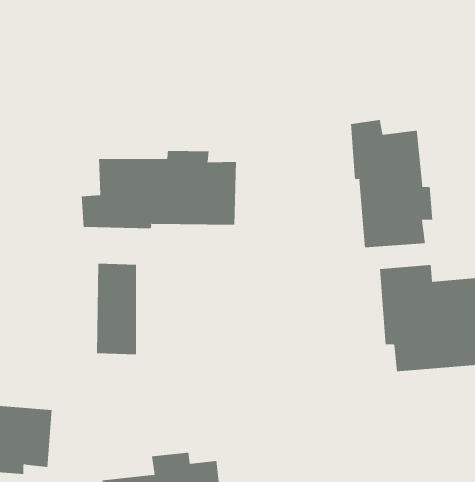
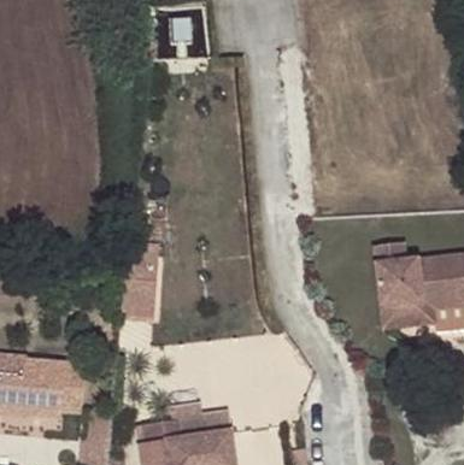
building: [350,119,433,248] -> none
building: [81,150,236,229] -> none

